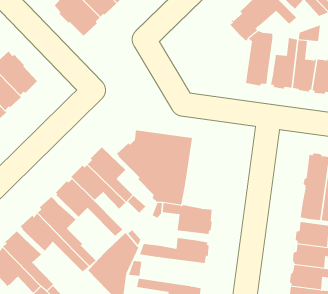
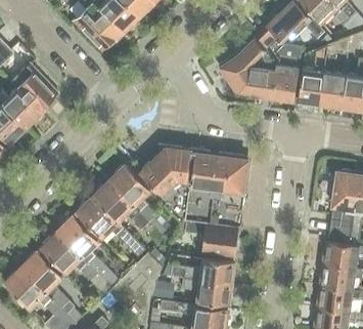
building: none -> [218,37,278,100]
building: none -> [208,153,249,224]
building: none -> [181,278,232,305]

